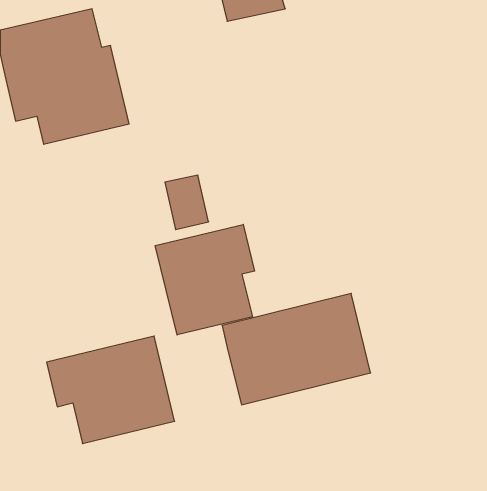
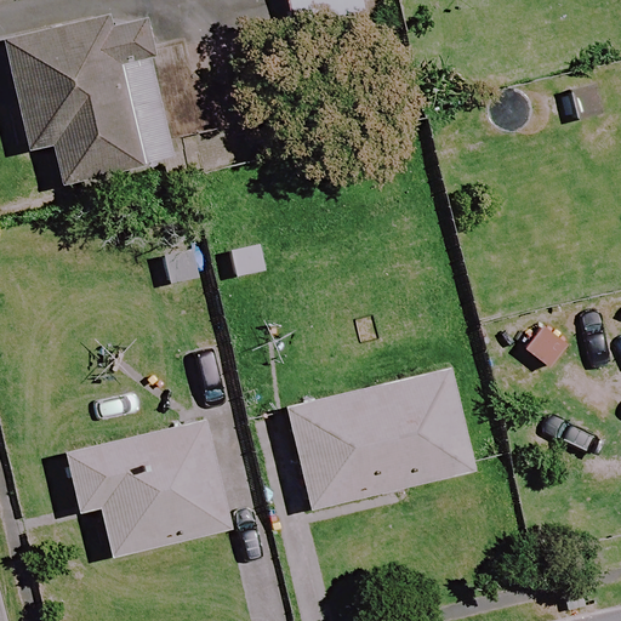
building: [155,224,255,335] -> none

